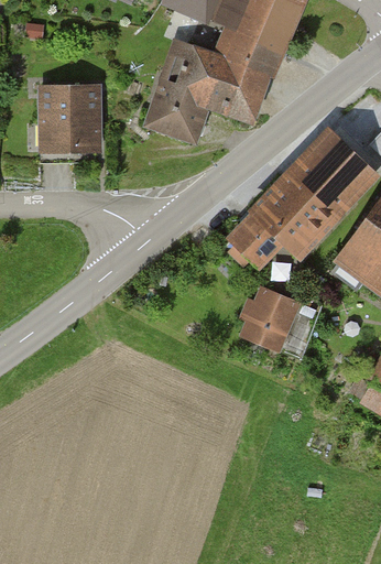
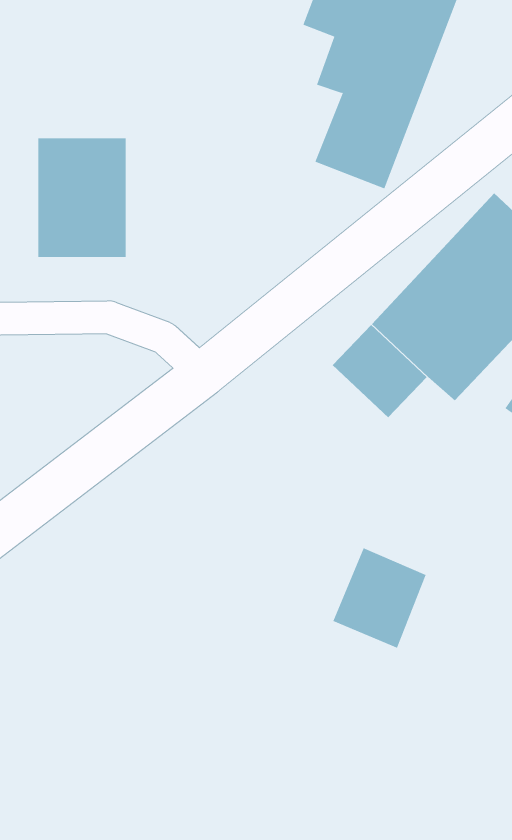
building: [144,41,231,144] -> none
building: [239,284,300,349] -> [332,548,426,648]

